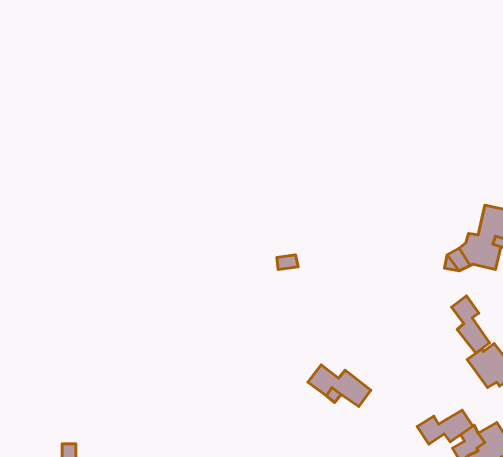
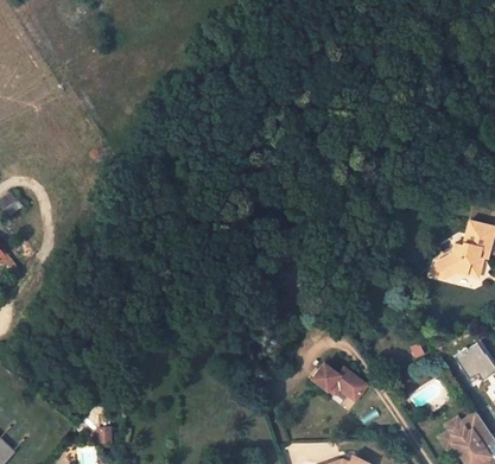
building: [451,296,490,353] -> none
building: [417,410,473,444] -> none

